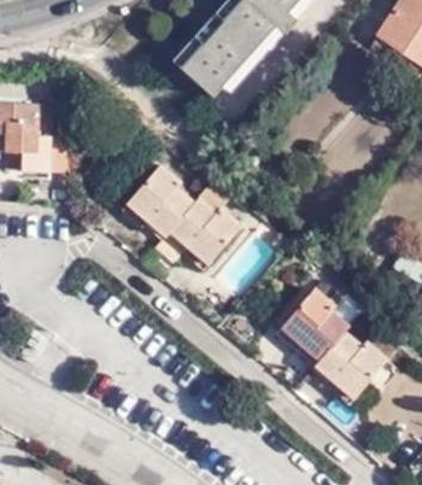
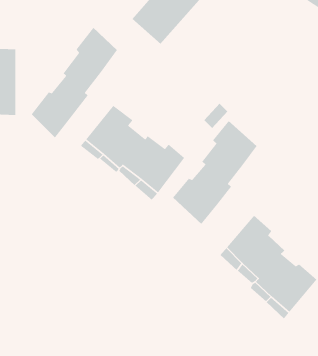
building: none -> [31,27,118,139]
building: none -> [172,120,258,225]

